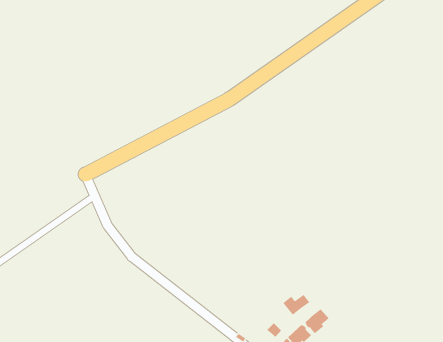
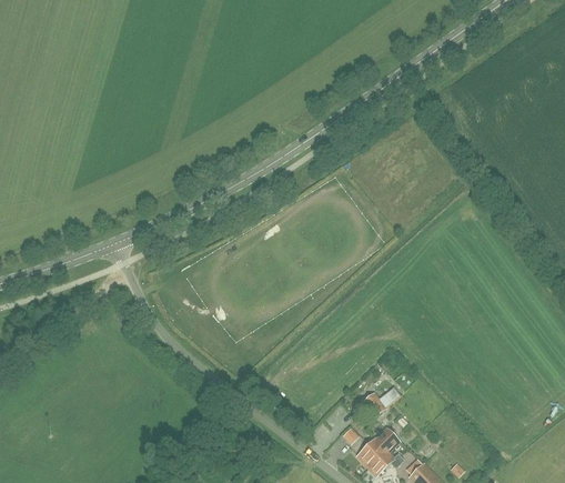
building: [305,308,330,334] -> none

